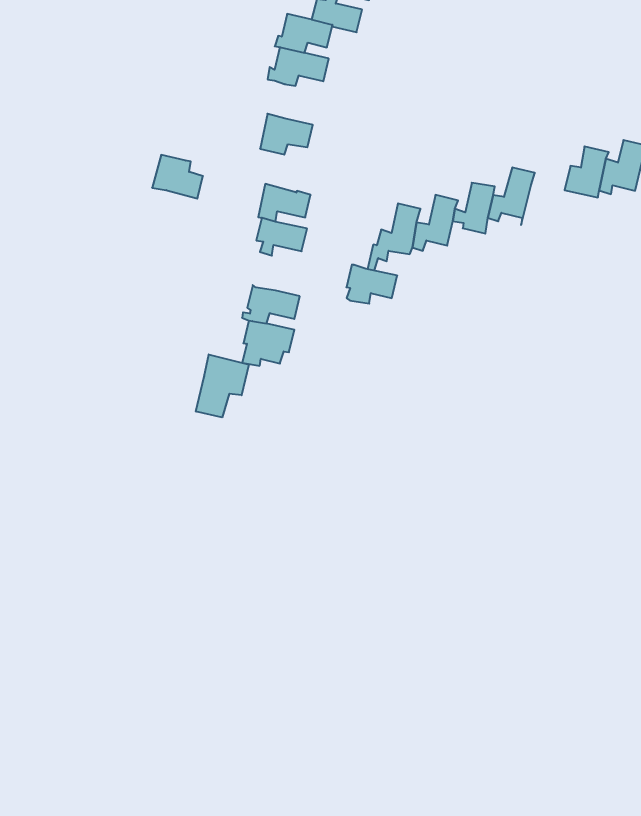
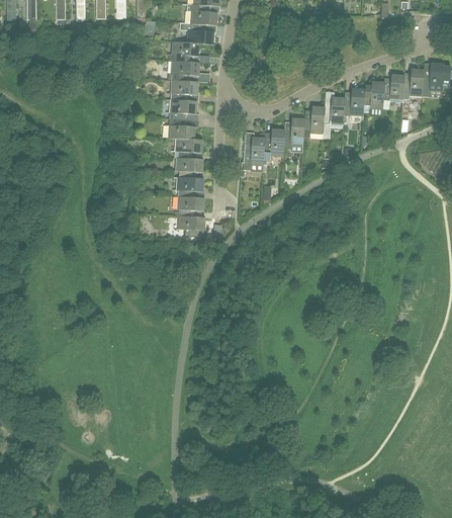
building: none -> [171,78,198,98]
building: [152,155,203,199] -> [168,117,195,139]
building: none -> [323,96,345,137]
building: [346,265,397,304] -> [177,175,204,195]
building: [196,354,249,417] -> none

